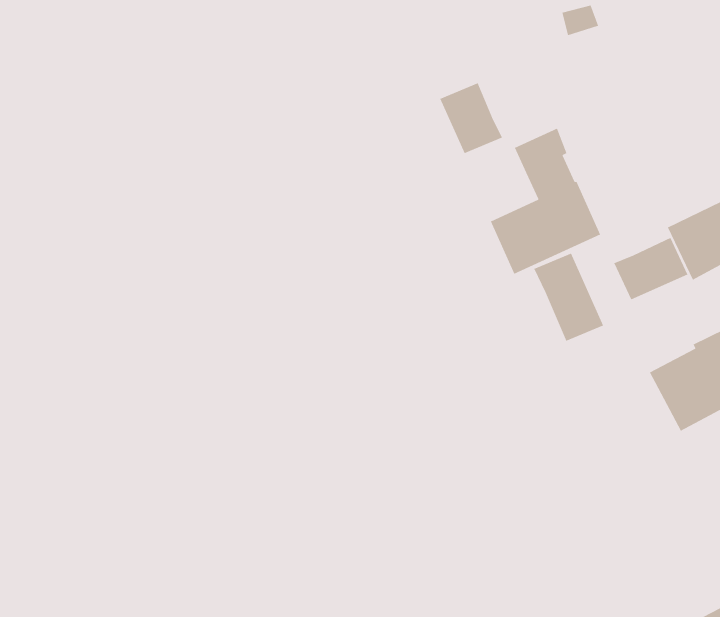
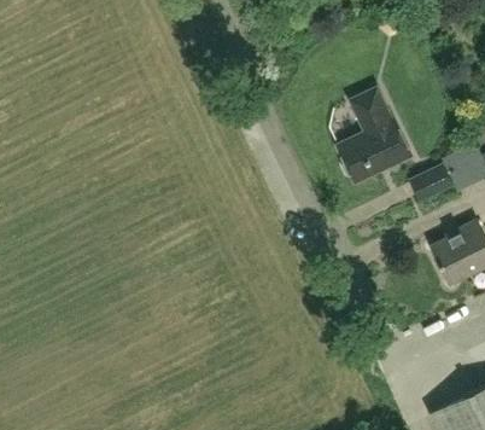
building: [439,82,503,154] -> none
building: [533,253,604,342] -> none

